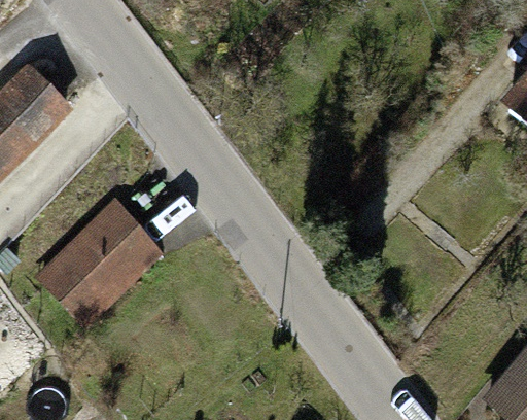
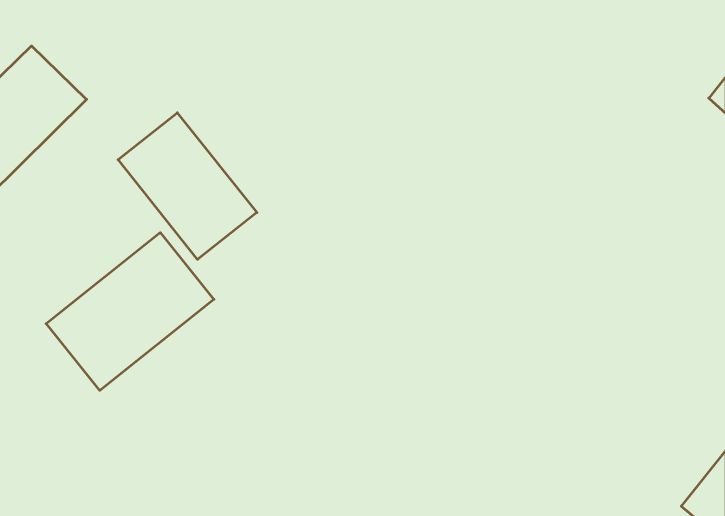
building: none -> [118,113,257,259]

